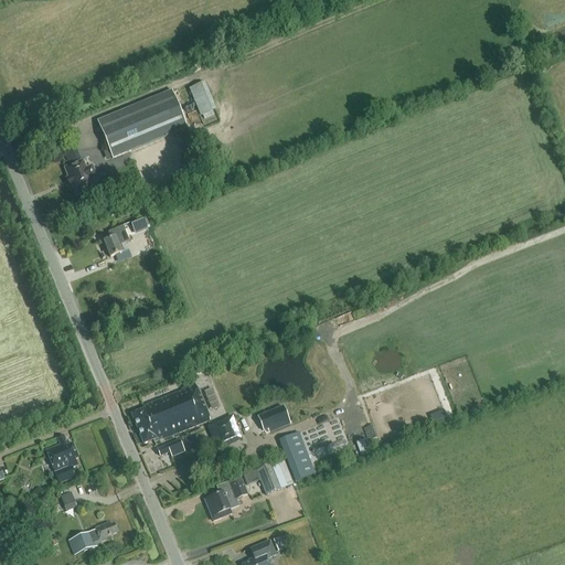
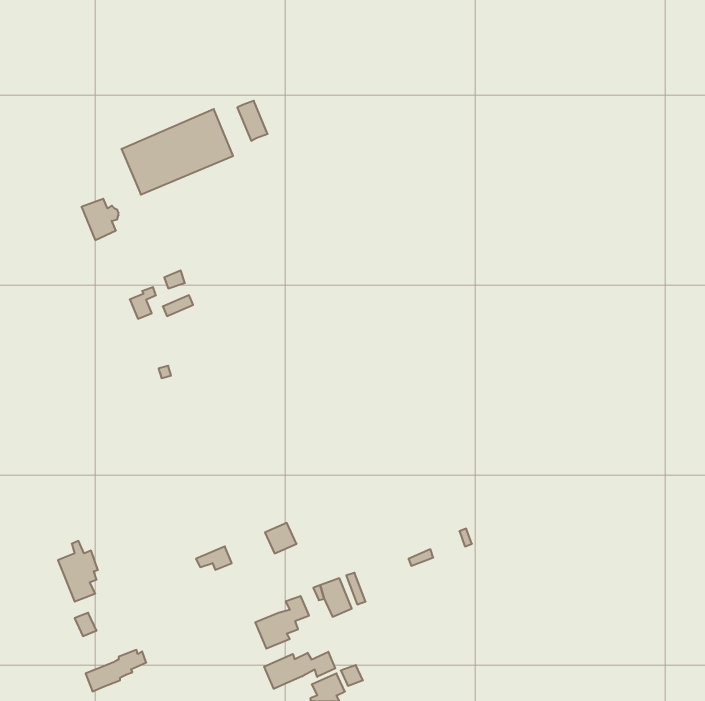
building: [131,383,210,441] -> none
building: [258,404,289,429] -> none
building: [279,433,312,479] -> none
building: none -> [264,652,335,689]

